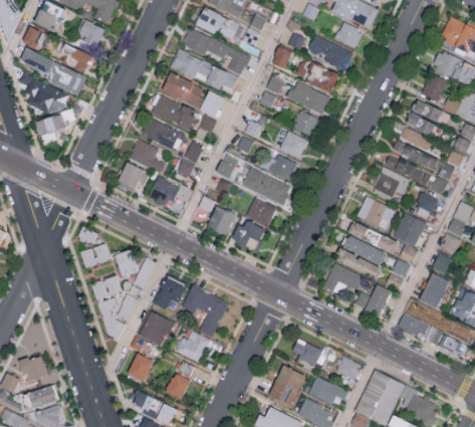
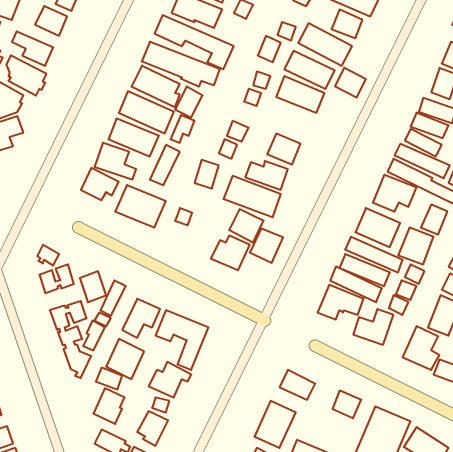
building: [292,110,319,136] -> [335,68,366,98]
building: [206,205,235,235] -> [250,228,283,263]
building: [309,377,348,404] -> none

